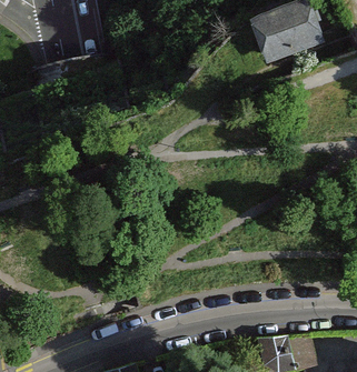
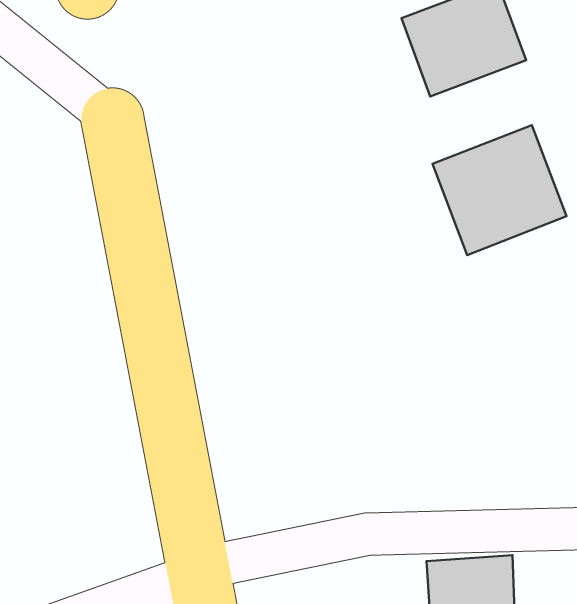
building: none -> [433,125,567,255]

